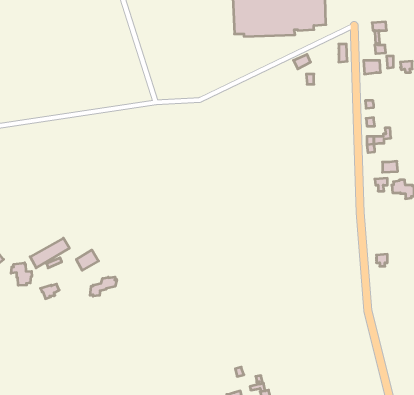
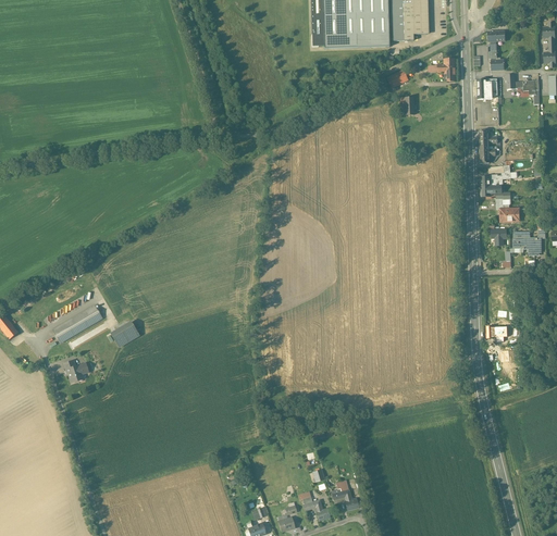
building: [11,263,32,285] -> none
building: [90,277,117,296] -> none

